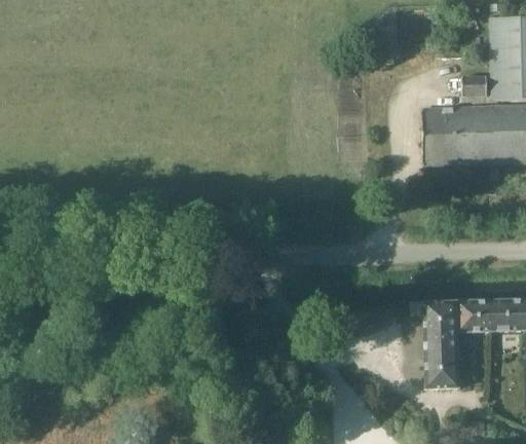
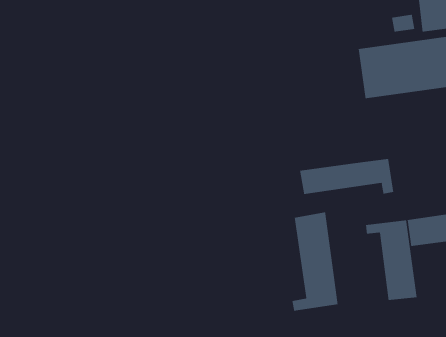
building: none -> [299,158,394,195]
building: none -> [292,212,338,311]

